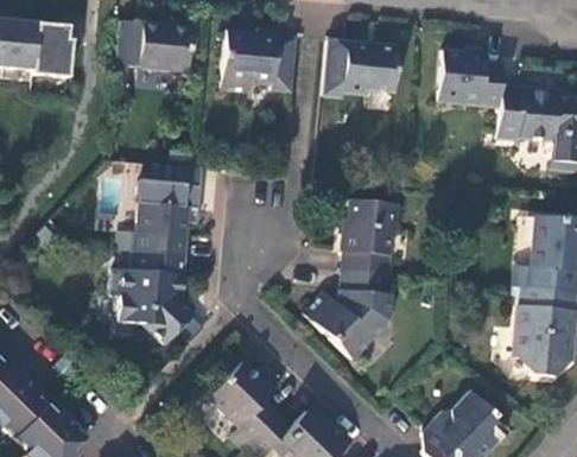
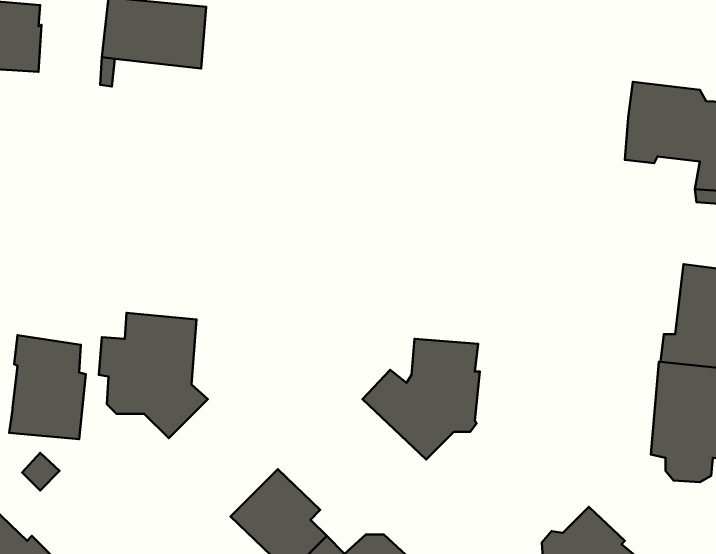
building: [221,28,297,93] -> none
building: [323,38,399,97] -> none
building: [438,50,502,108] -> none
building: [133,179,189,255] -> [9,335,86,439]
building: [342,199,398,273] -> none

